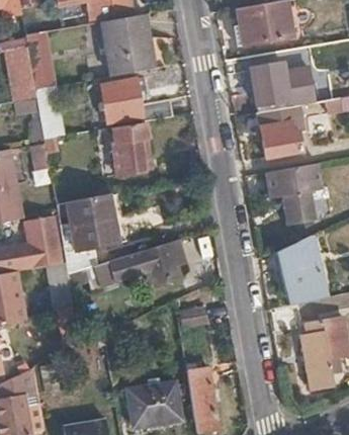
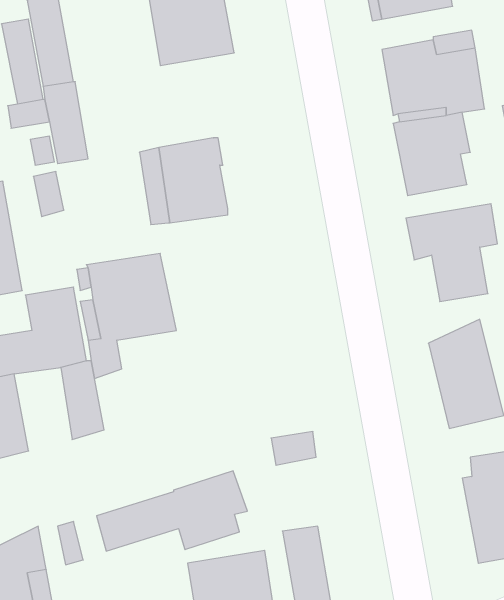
building: [99,76,173,122] -> none
building: [93,238,188,288] -> [97,471,247,551]

